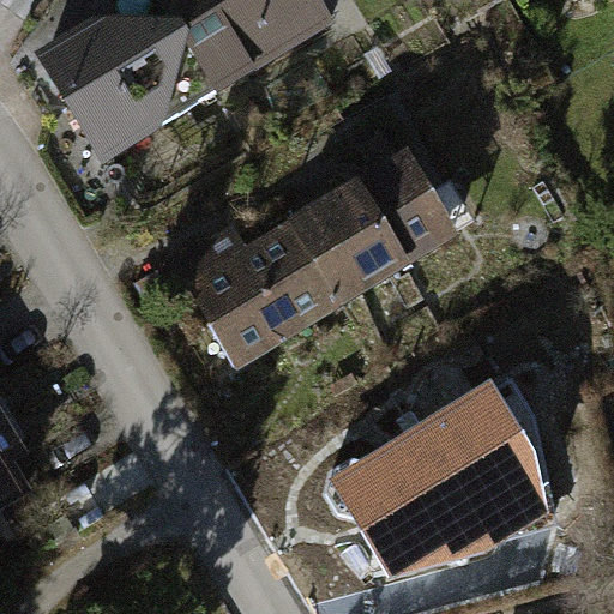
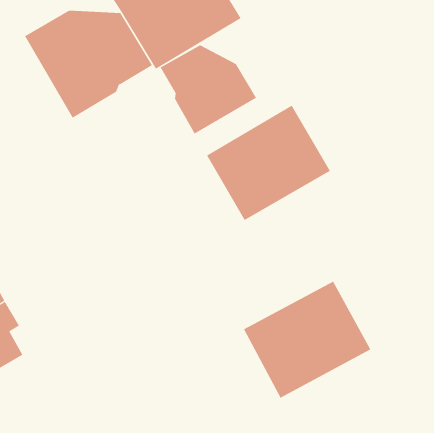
building: none -> [160,44,257,135]
building: [170,217,341,368] -> none

